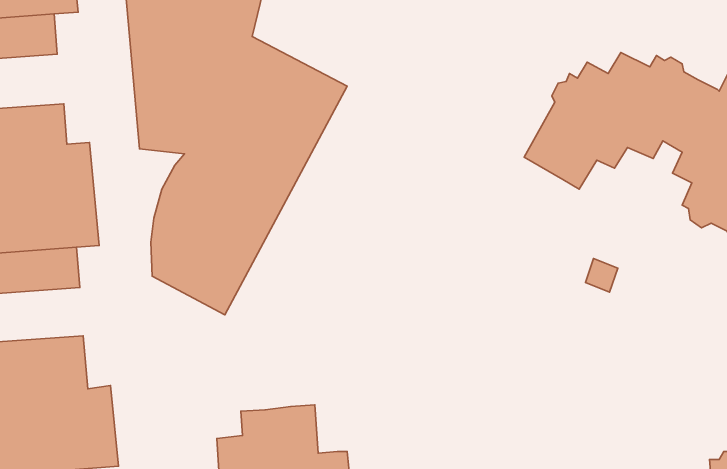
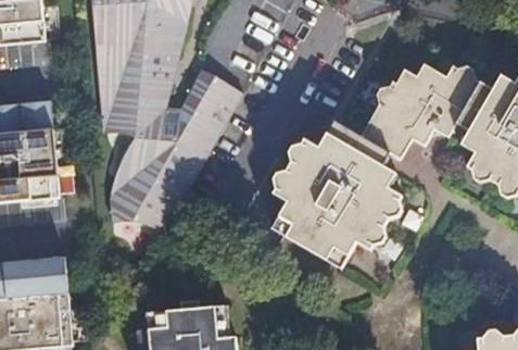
building: none -> [273,135,399,266]

